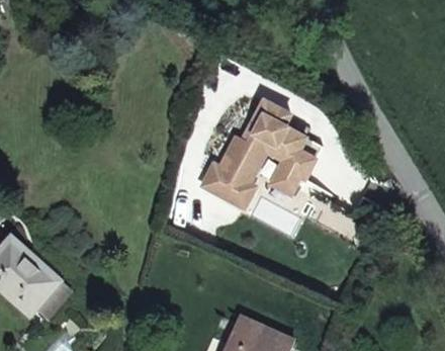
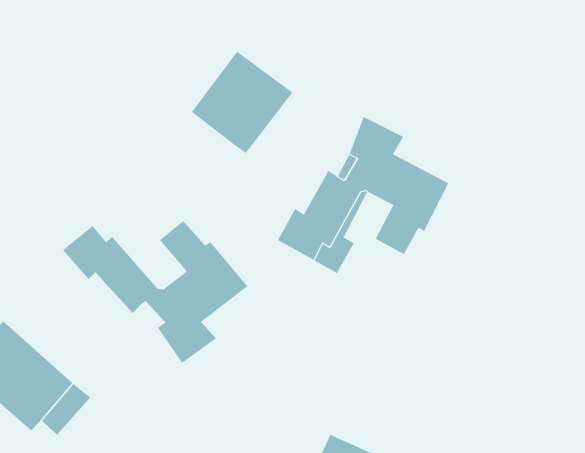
building: none -> [191,51,293,154]
building: none -> [62,220,248,364]

